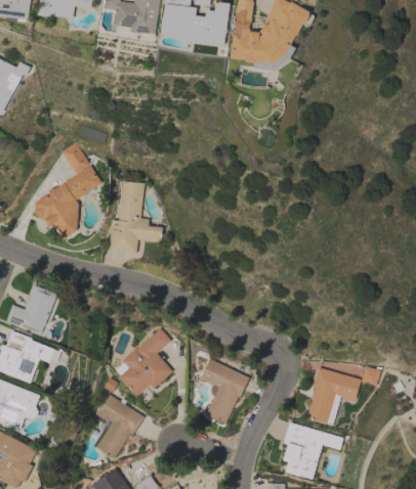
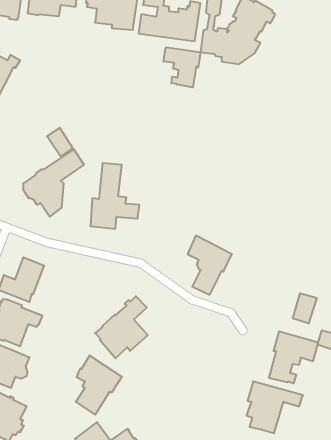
building: none -> [164,47,200,87]
building: none -> [293,293,317,324]
building: [200,358,249,424] -> [188,236,232,295]

